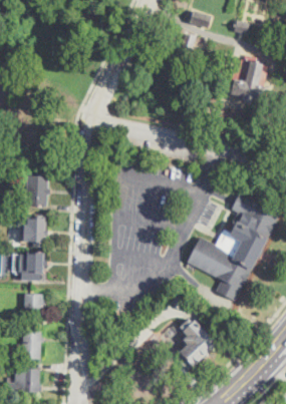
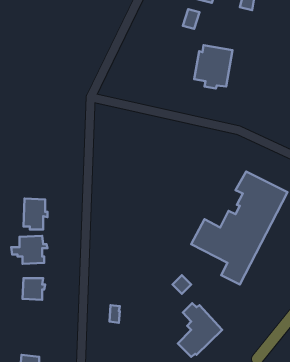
building: [230,60,267,102] -> [194,45,232,89]
building: [20,174,48,206] -> none
building: [22,331,43,359] -> none

